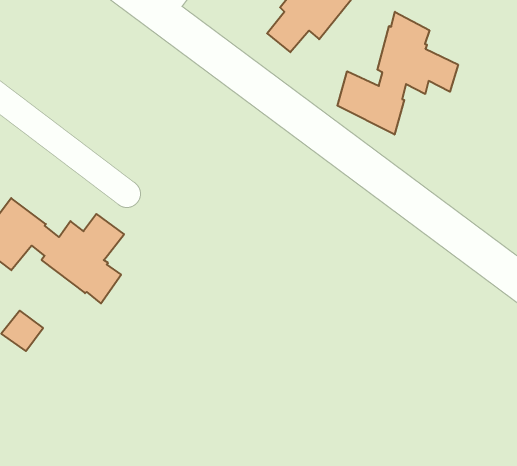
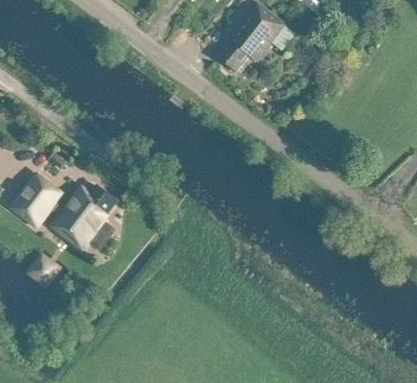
building: [337,12,458,135] -> none

